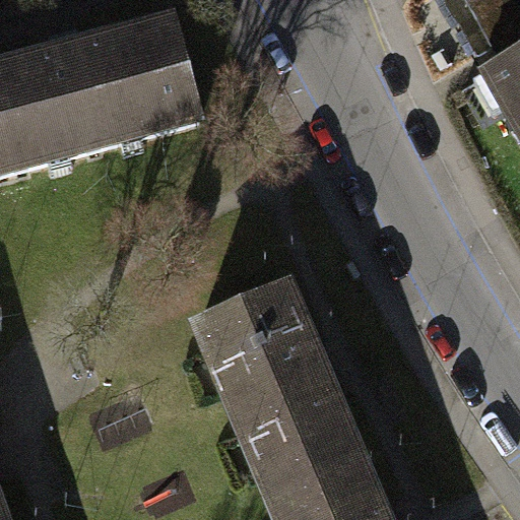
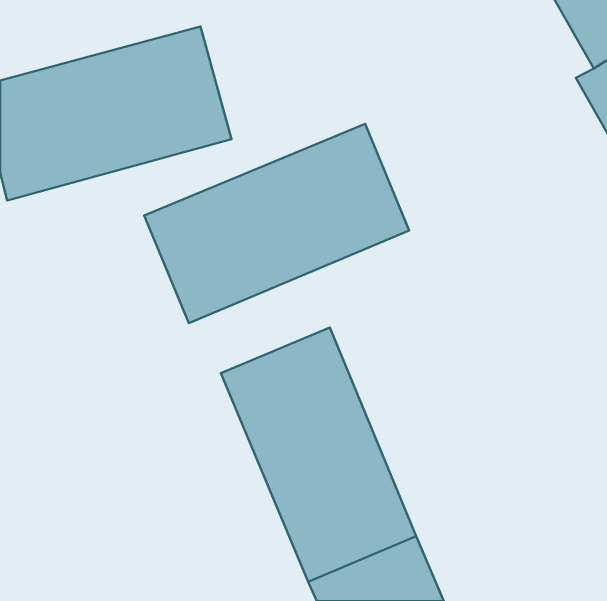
building: none -> [144,124,409,323]

